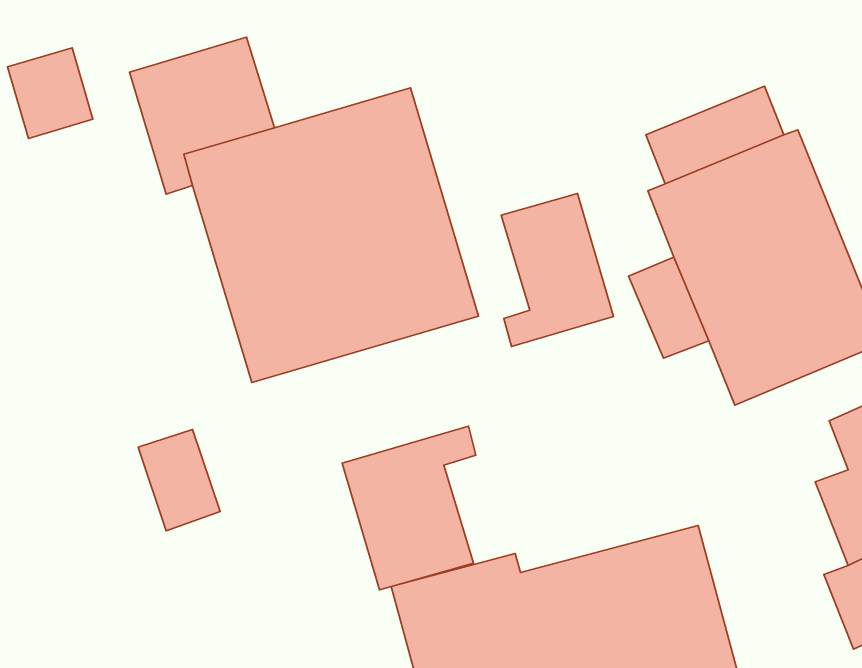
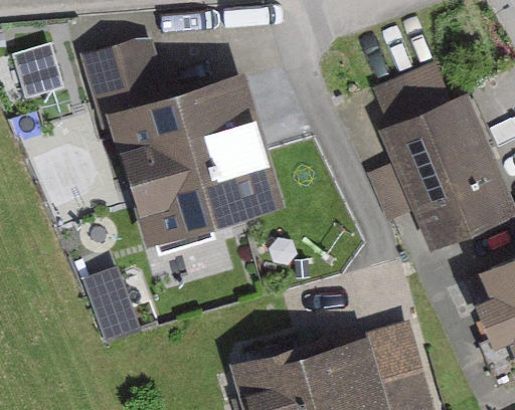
building: [501,193,614,346] -> none
building: [342,426,476,590] -> none

